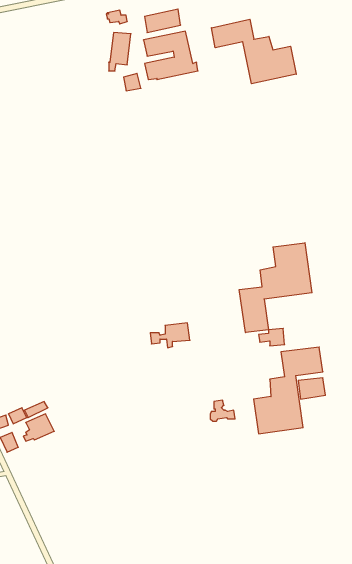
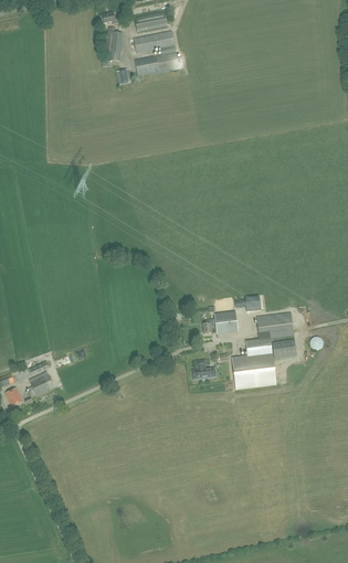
building: [211,19,296,84] -> none
building: [239,243,312,333] -> none
building: [150,323,190,348] -> [202,314,238,336]

